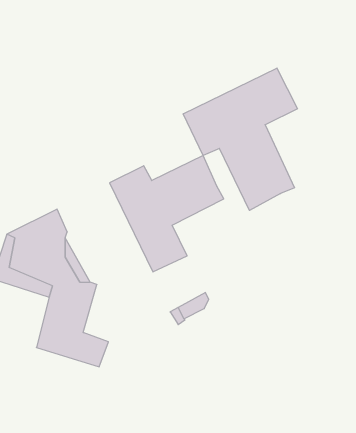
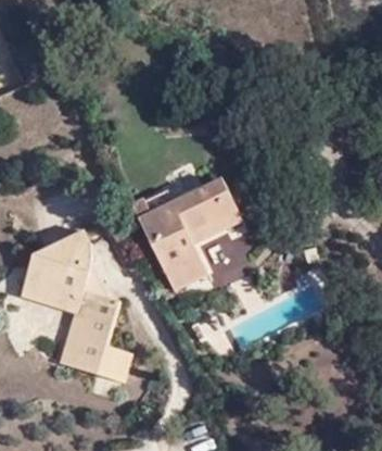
building: [183,68,297,210] -> none

